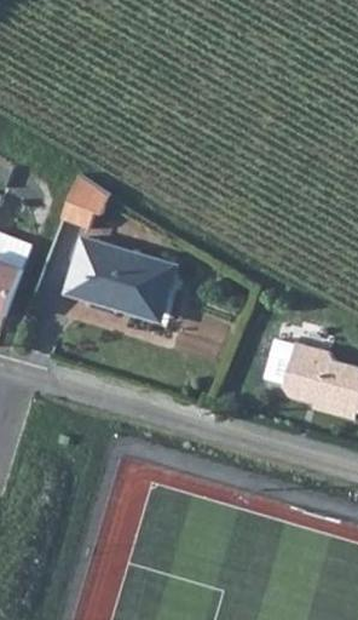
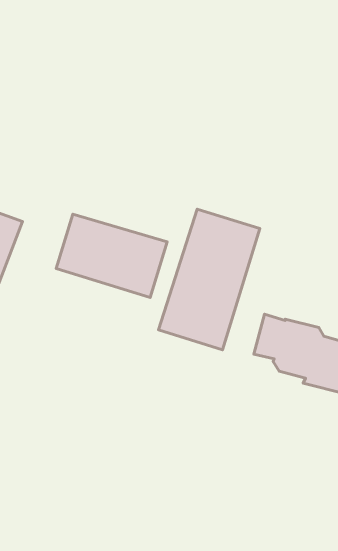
building: [62,173,109,229] -> none
building: none -> [159,209,260,350]

